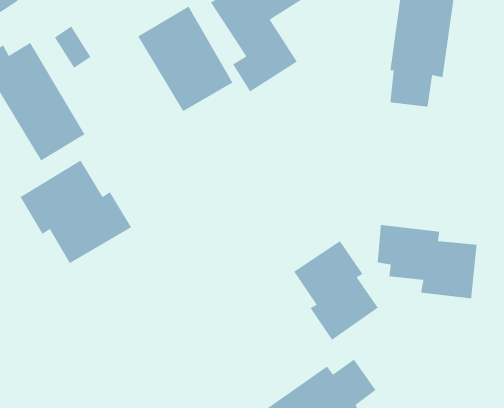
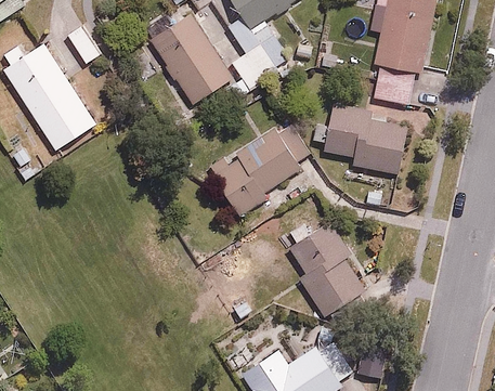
building: none -> [209,117,313,216]
building: [20,159,132,264] -> none
building: [377,224,478,299] -> [313,104,406,173]

